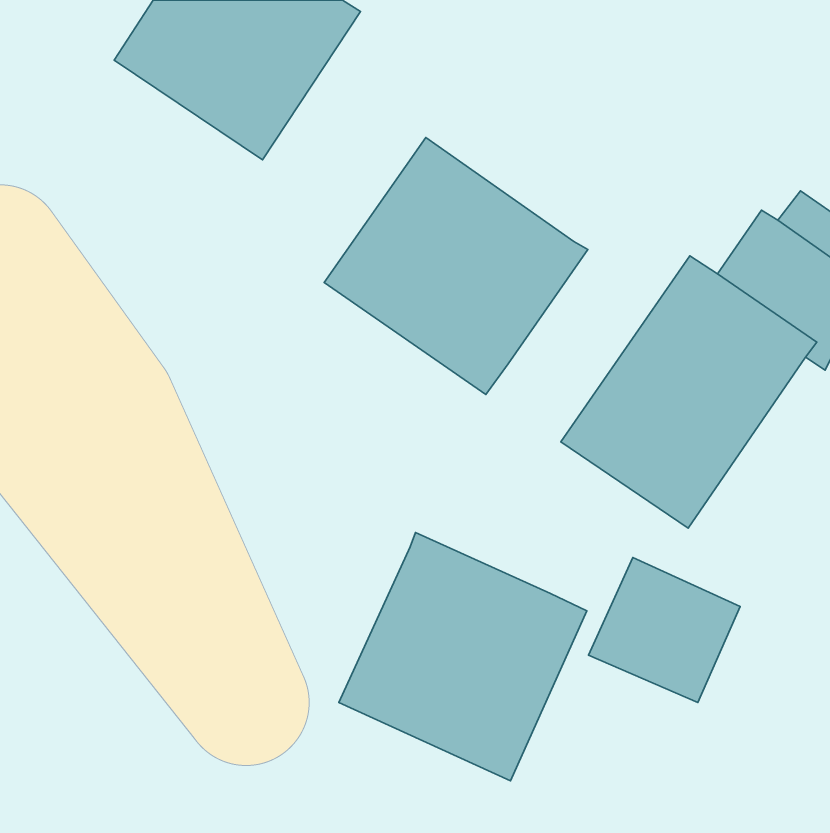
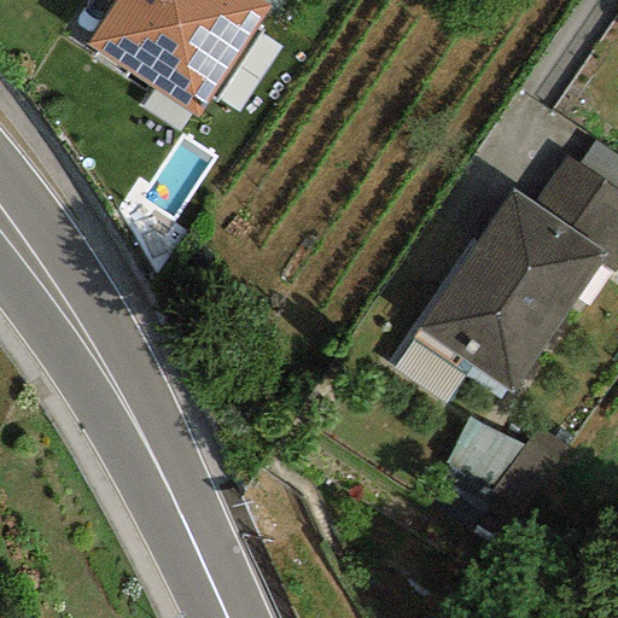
building: [324,138,588,394] -> none
building: [339,532,587,781] -> none

